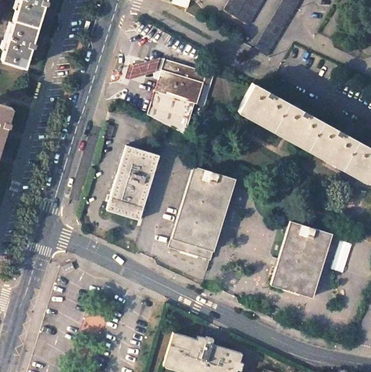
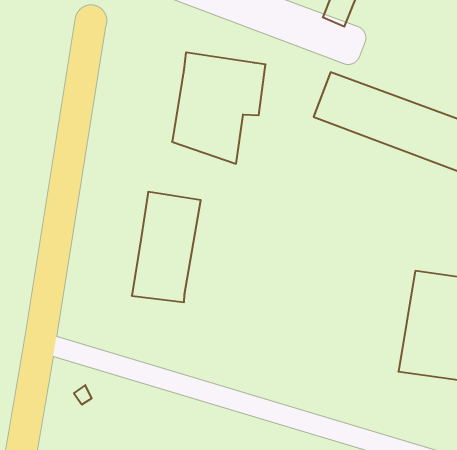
building: [126,59,164,80] -> none
building: [170,167,235,261] -> none

